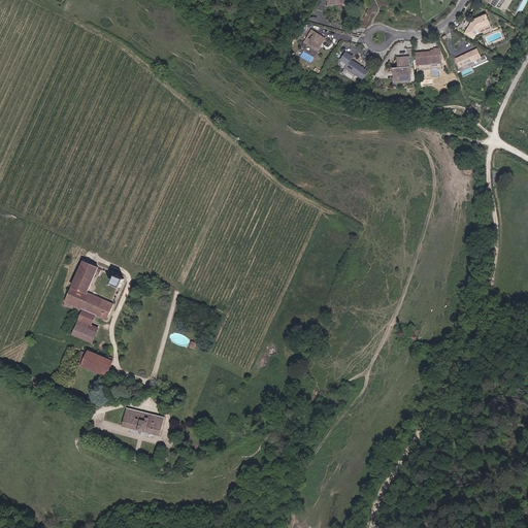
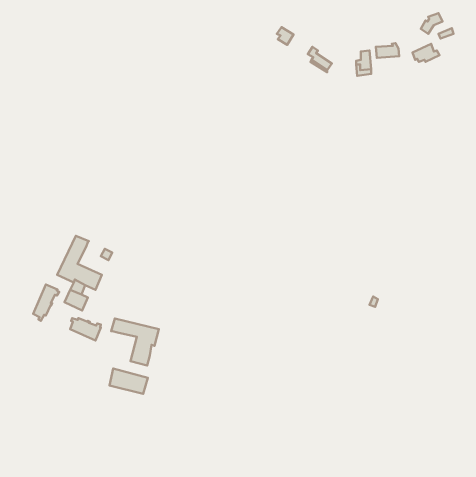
building: none -> [33,285,59,321]
building: none -> [111,318,159,366]

